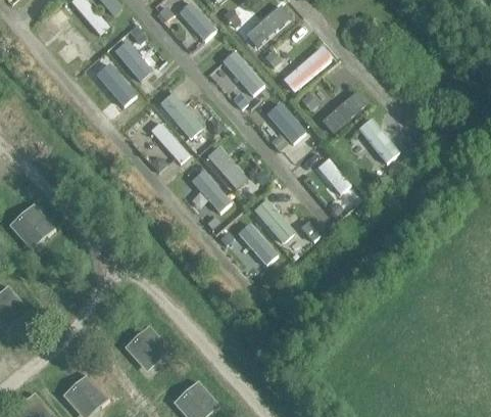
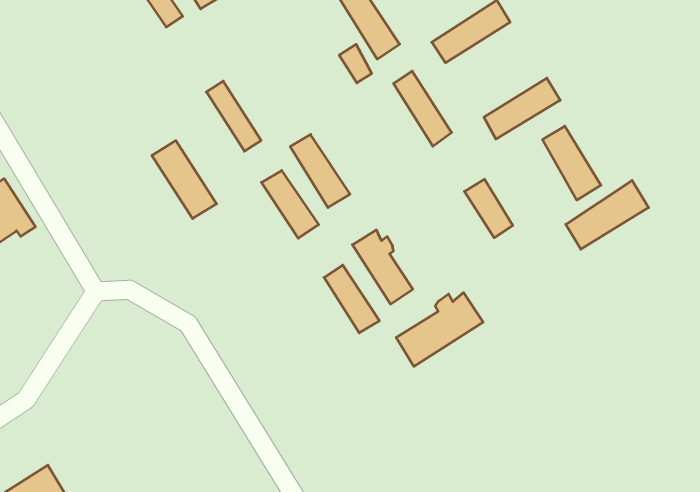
building: [160,92,204,138] -> [152,141,217,219]
building: none -> [566,180,649,249]
building: none -> [396,293,483,366]
building: [126,326,169,367] -> none

